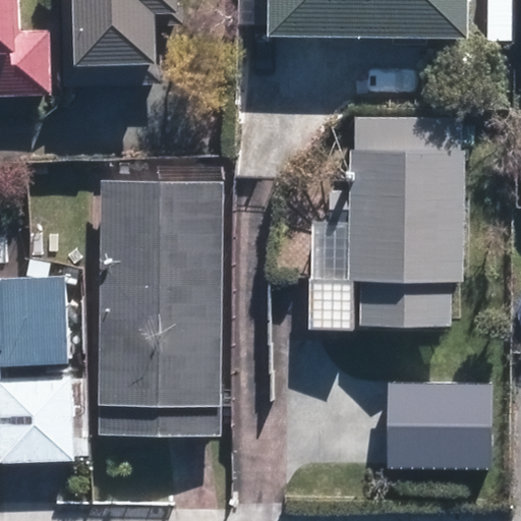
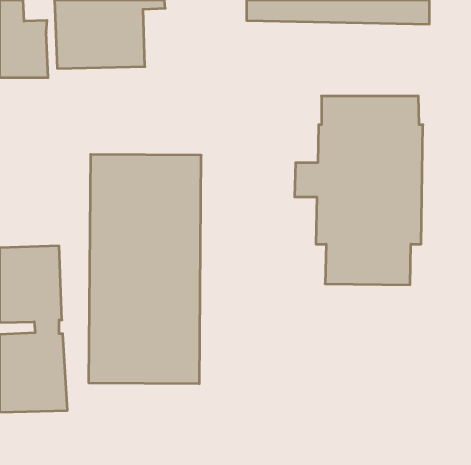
building: [388,392,465,469] -> none

